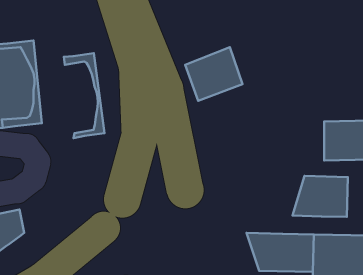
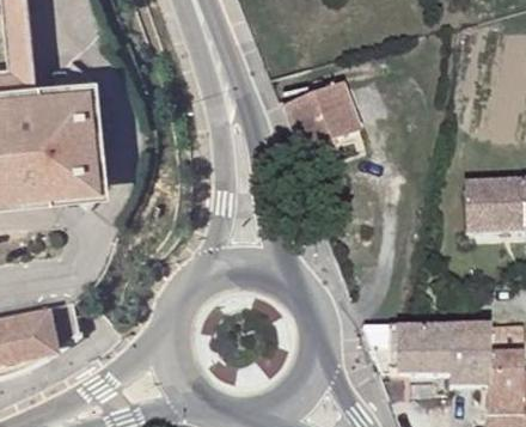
building: [64,53,105,138] -> none
building: [292,176,348,217] -> none

